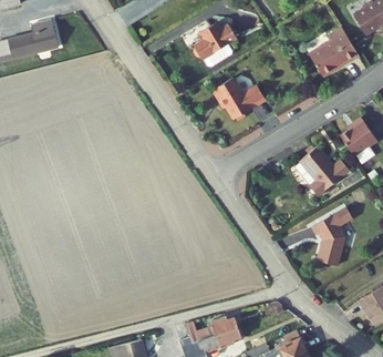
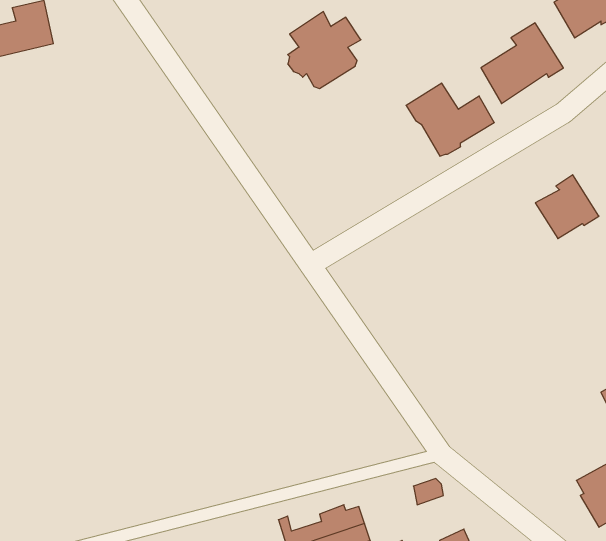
building: [213,76,265,120] -> [406,83,494,156]
building: [297,147,346,197] -> none
building: [307,211,345,269] -> none

